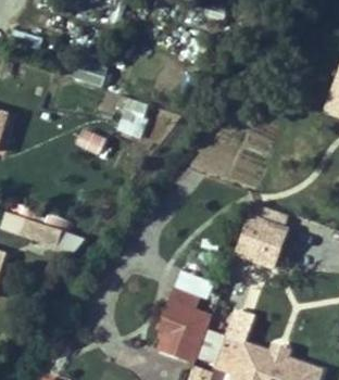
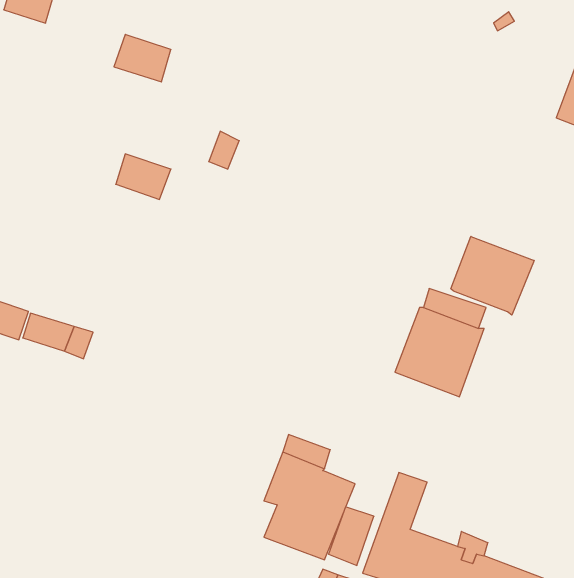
building: none -> [451,236,534,315]

